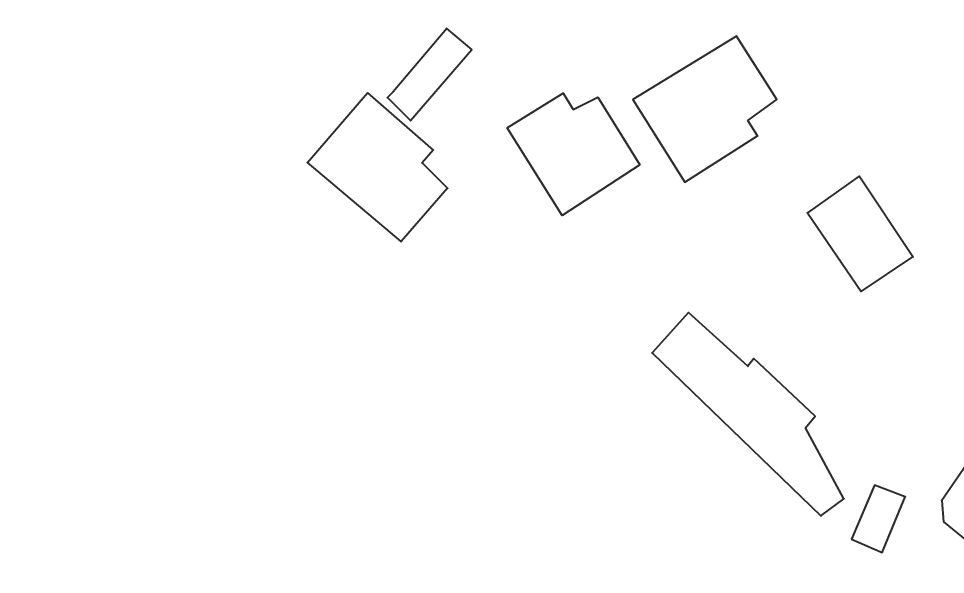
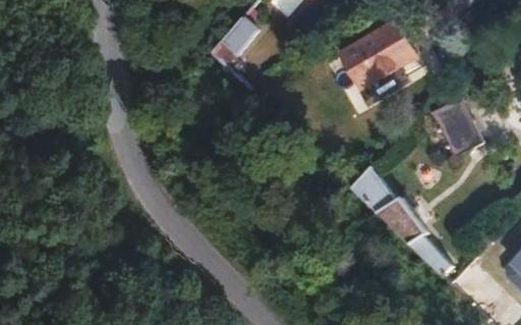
building: [307,93,448,242] -> none
building: [507,93,640,215] -> none

